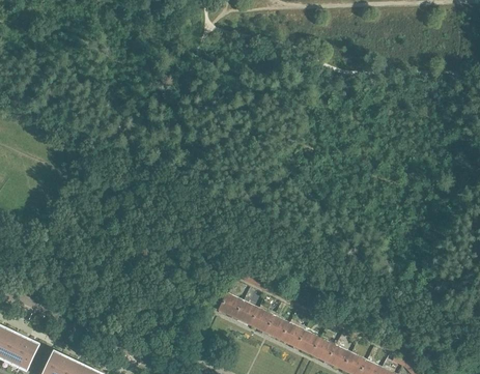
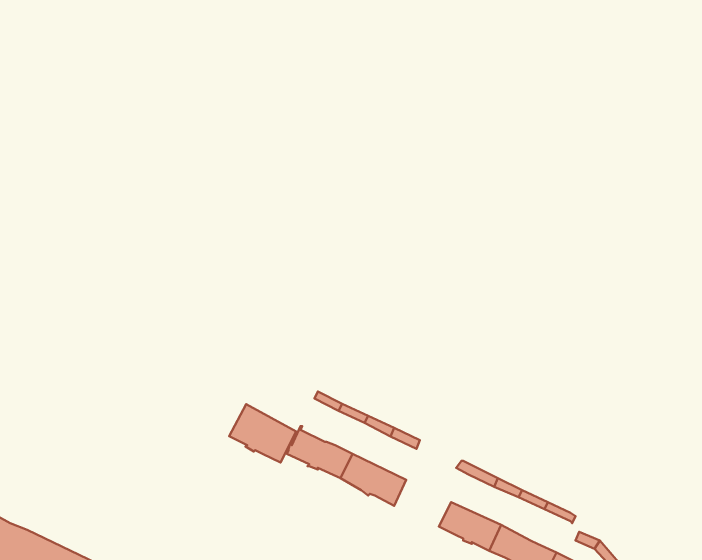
building: none -> [229,404,296,462]
building: [282,324,316,352] -> none

